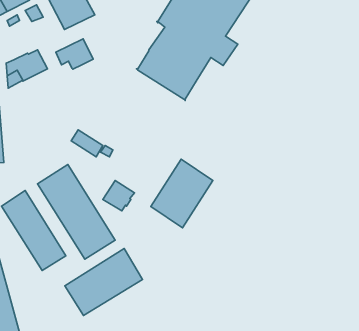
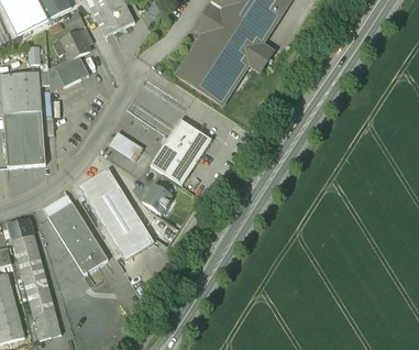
building: [56,39,93,69] -> [53,29,89,58]
building: [151,159,213,228] -> [151,117,211,184]
building: [65,248,143,316] -> none

